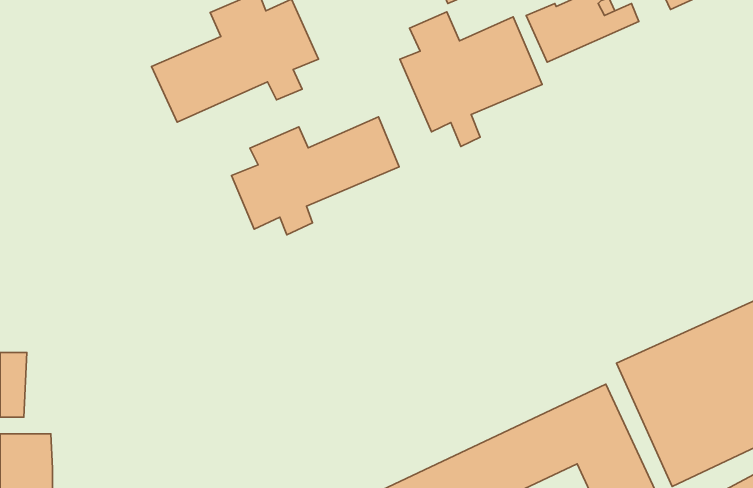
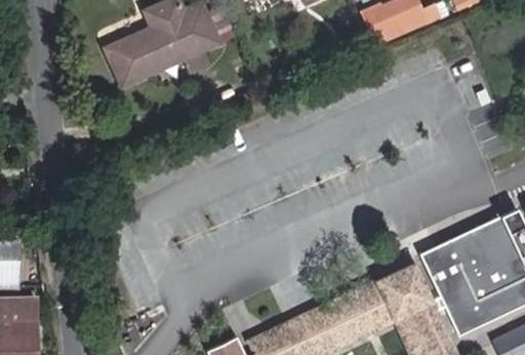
building: [400,12,542,146] -> none
building: [232,117,399,235] -> none

